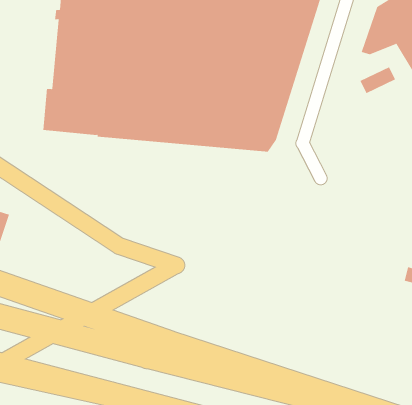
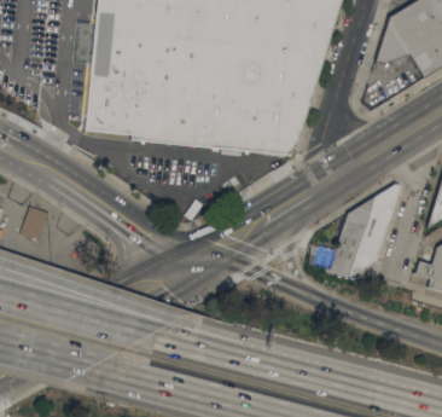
building: none -> [310,184,401,276]

